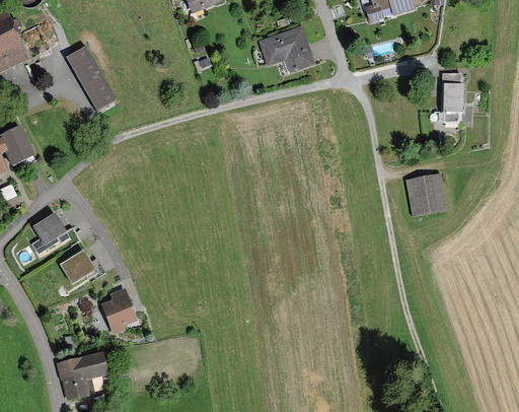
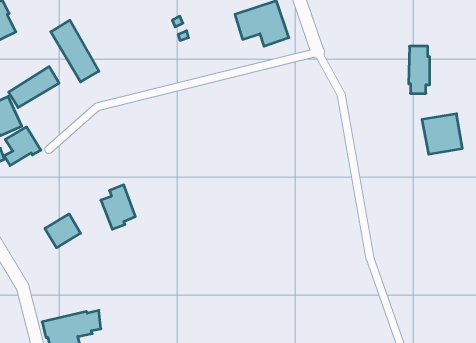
building: none -> [9,67,59,108]
building: [404,173,447,215] -> [422,114,462,154]
building: [31,212,70,253] -> [4,127,41,166]
building: [100,287,137,334] -> [101,185,135,229]

